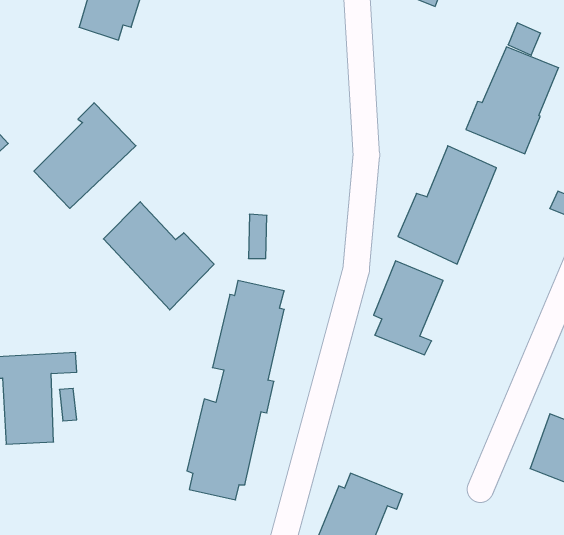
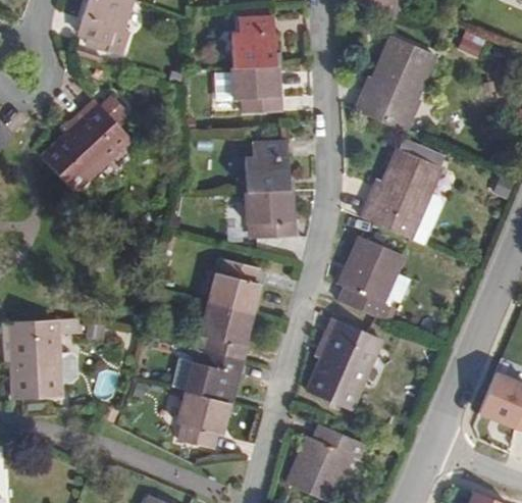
building: none -> [231,17,282,112]
building: [466,47,559,154] -> [355,38,436,132]
building: none -> [247,137,298,232]
building: [103,202,214,310] -> none
building: none -> [311,319,381,410]

